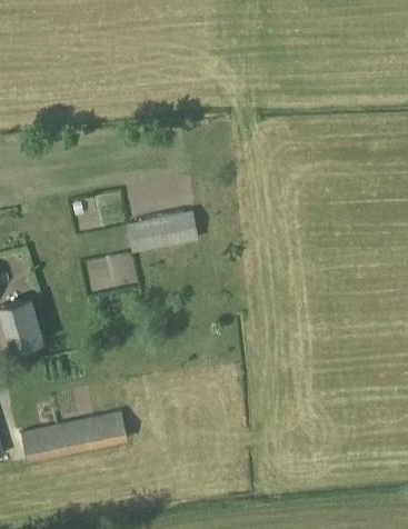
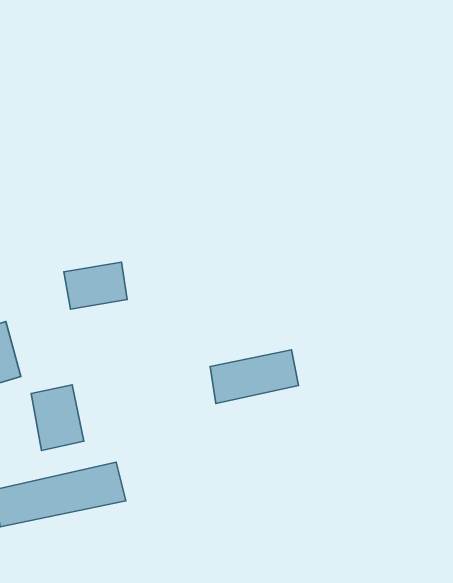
building: [127,210,198,253] -> [210,350,298,404]
building: none -> [31,385,84,450]

